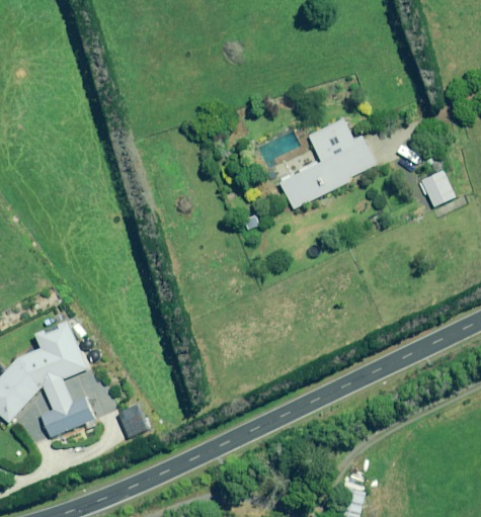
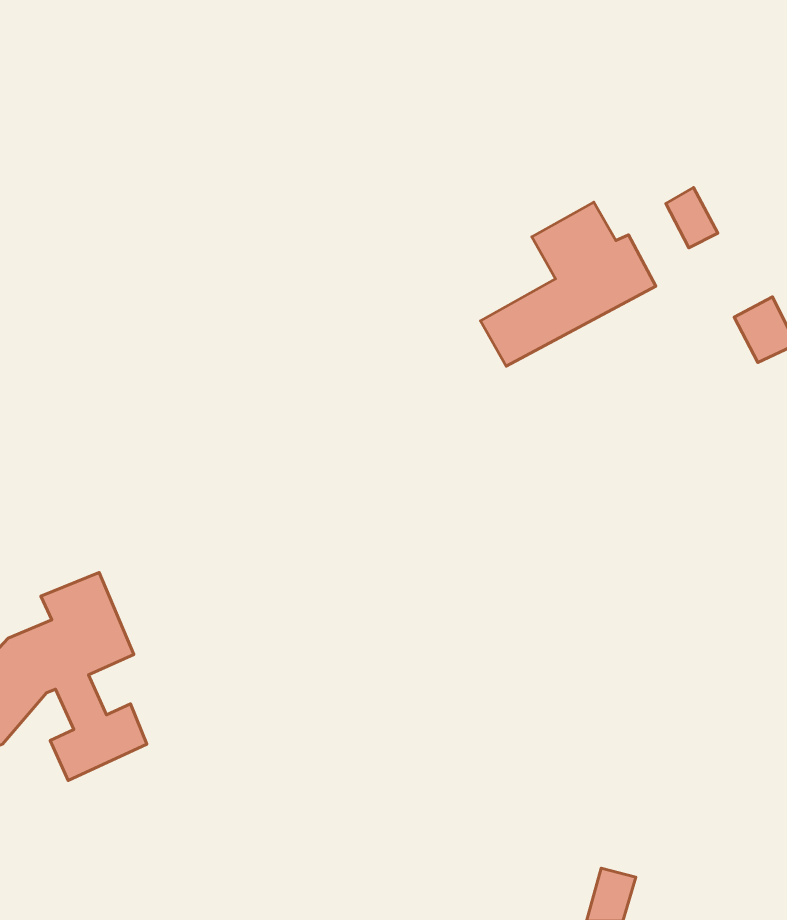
building: none -> [666,188,718,248]
building: [117,405,146,436] -> none

